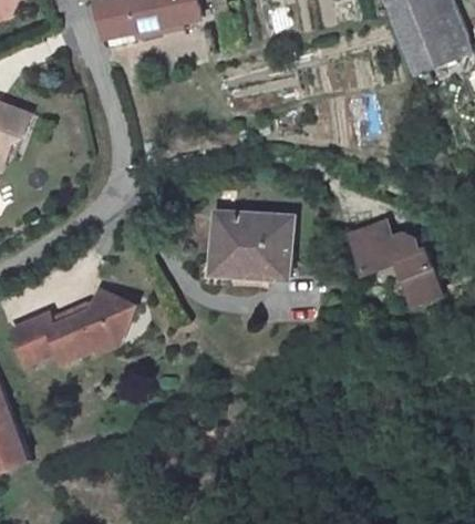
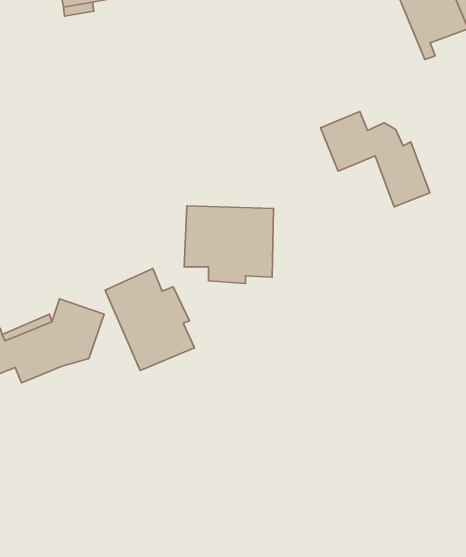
building: [348,232,443,315] -> [320,111,430,207]
building: none -> [105,269,194,371]

